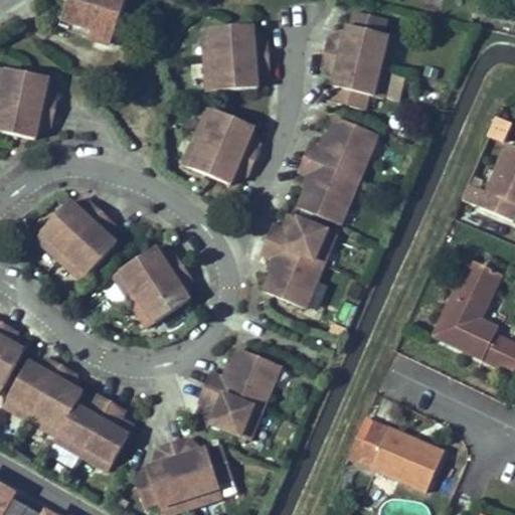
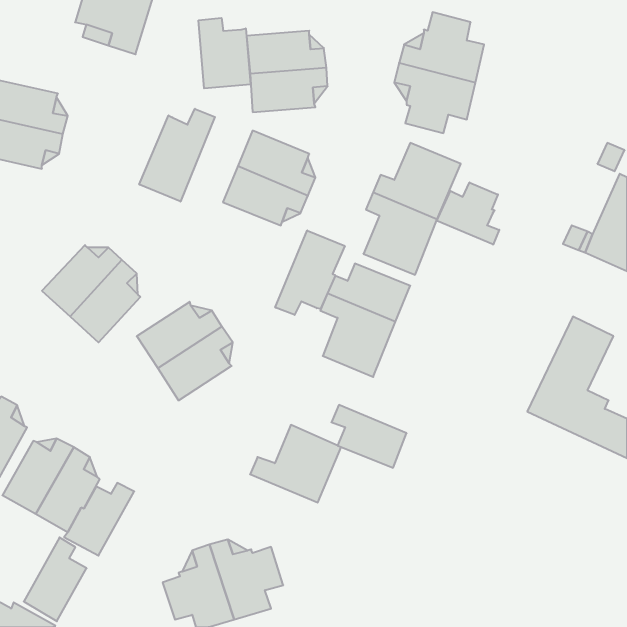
building: none -> [199,18,250,88]
building: none -> [139,109,215,202]
building: none -> [437,182,499,245]
building: none -> [275,230,345,315]
building: [198,387,260,439] -> [331,405,407,468]
building: [80,401,132,470] -> [24,537,87,621]
building: [346,416,443,492] -> none

